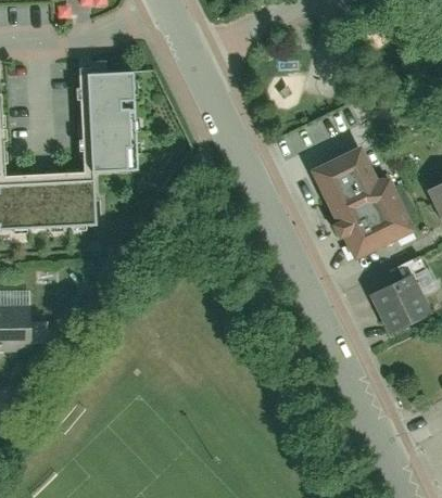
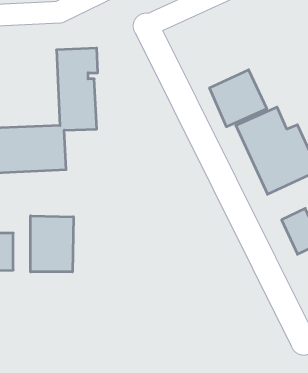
building: none -> [210,70,267,127]
building: none -> [31,216,73,272]

